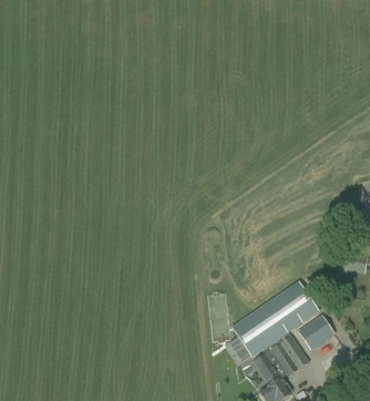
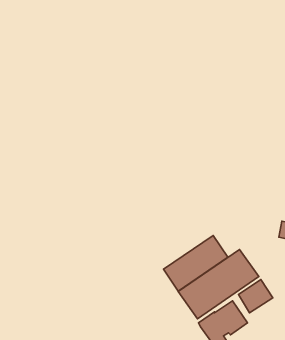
building: none -> [164,235,228,291]

